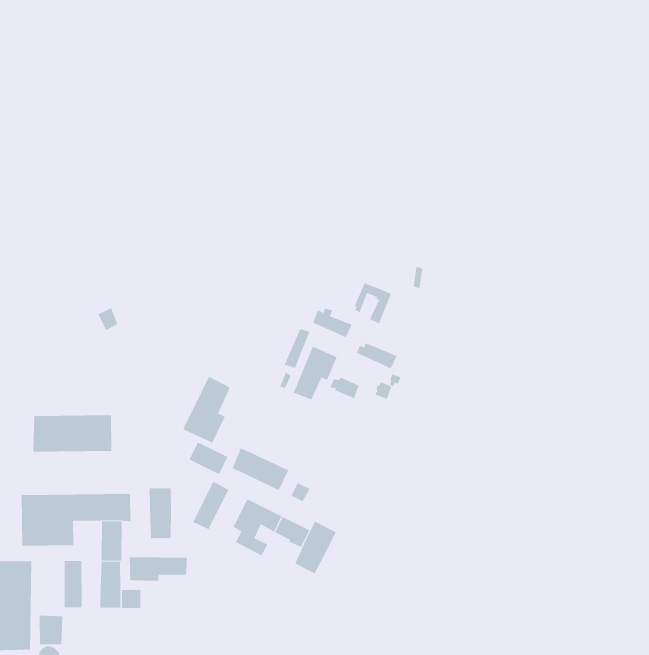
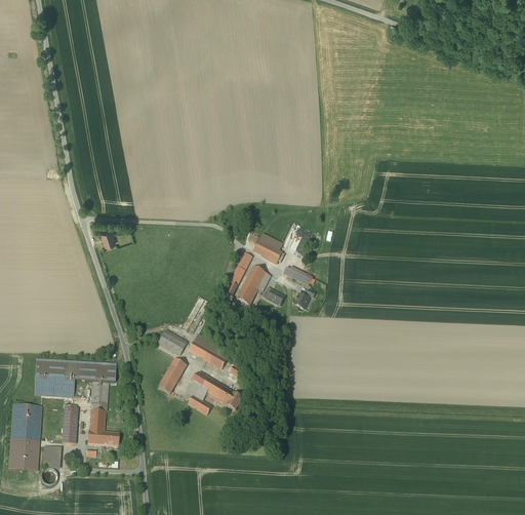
building: [182,376,231,443] -> none
building: [33,414,112,453] -> none
building: [149,487,172,539] -> none
building: [294,521,337,574] -> none
building: [129,557,188,581] -> none

